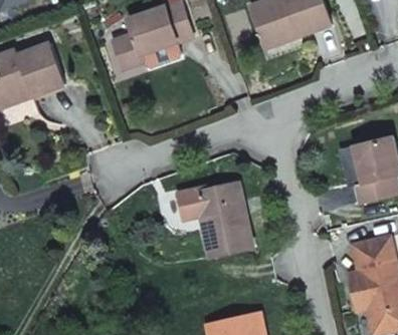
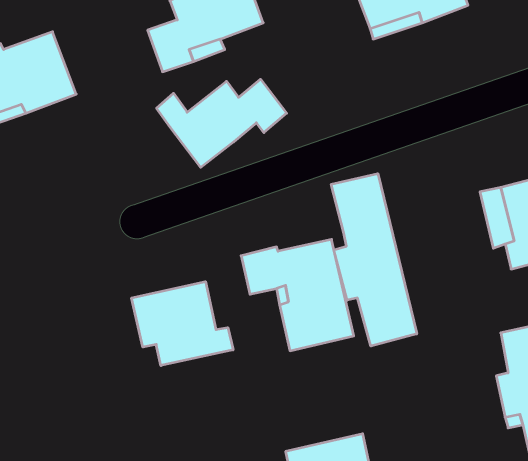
building: none -> [157,79,287,167]
building: none -> [331,174,417,346]
building: none -> [132,282,233,366]

